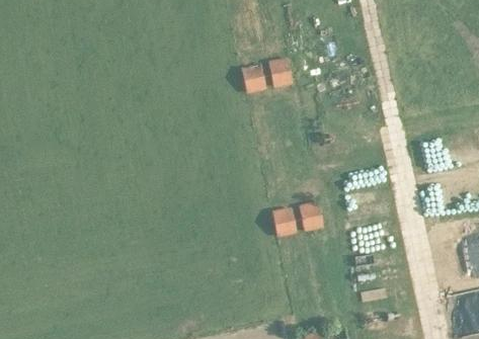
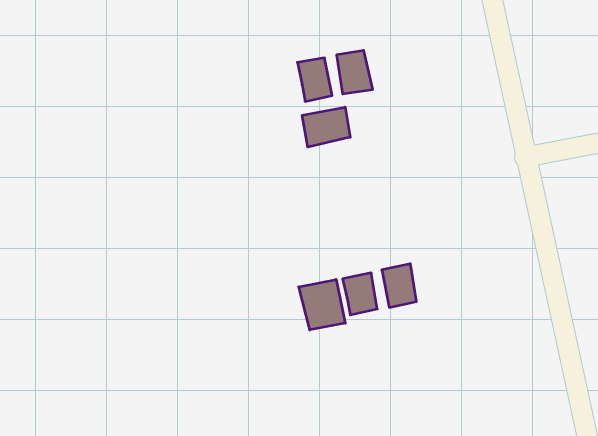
building: none -> [302,107,350,147]
building: none -> [299,279,345,330]

